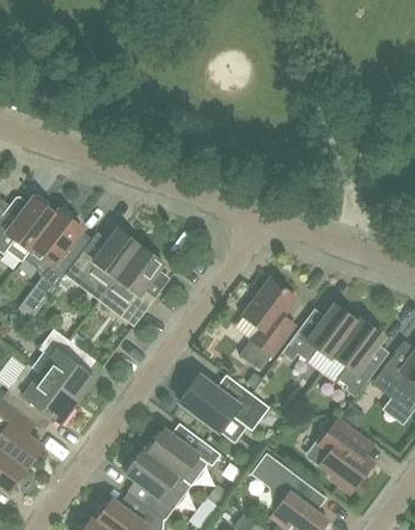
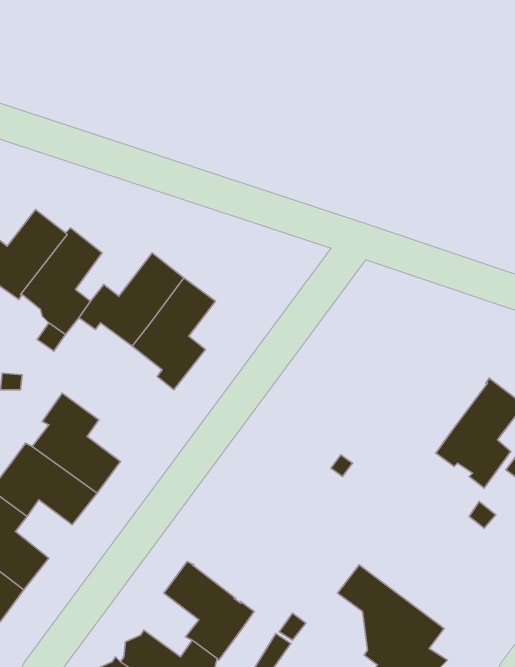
building: [238,279,295,371] -> none
building: [281,304,358,372] -> none
building: [178,374,269,432] -> none
building: [310,419,372,492] -> none
building: [146,430,220,486] -> none

